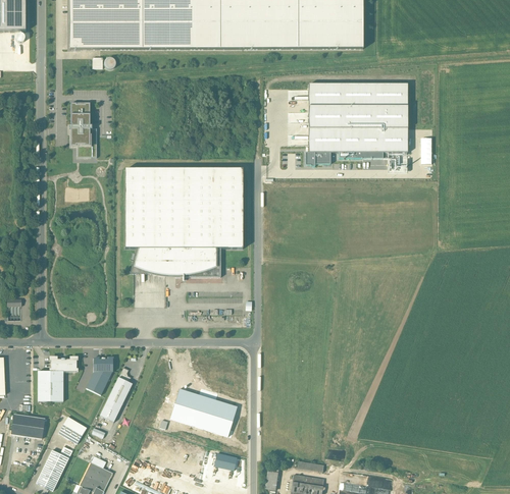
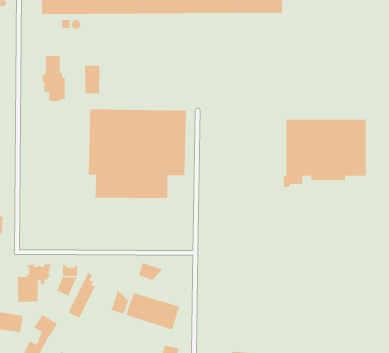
building: [305,83,407,165] -> [283,119,367,187]
building: none -> [85,65,100,94]
building: none -> [138,262,164,281]
building: none -> [111,290,129,315]

